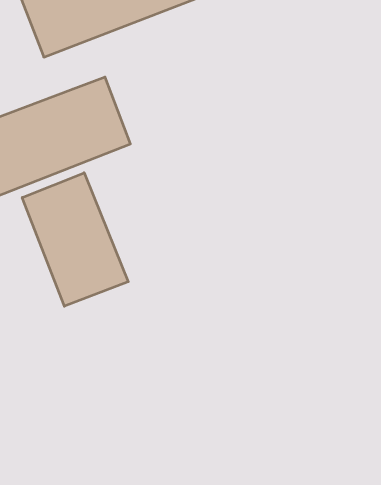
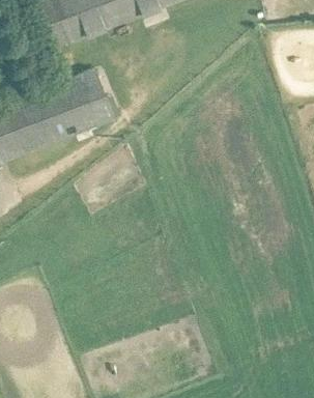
building: [22,173,128,306] -> none

